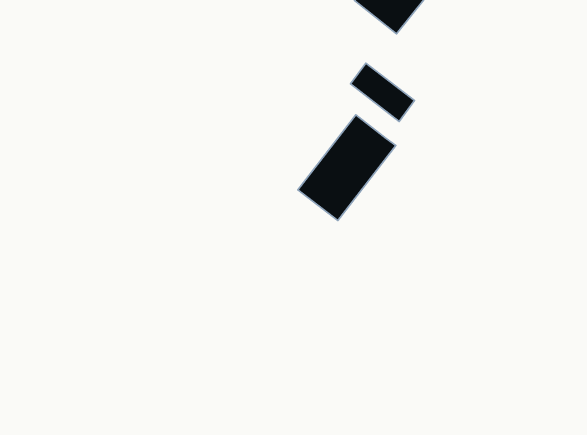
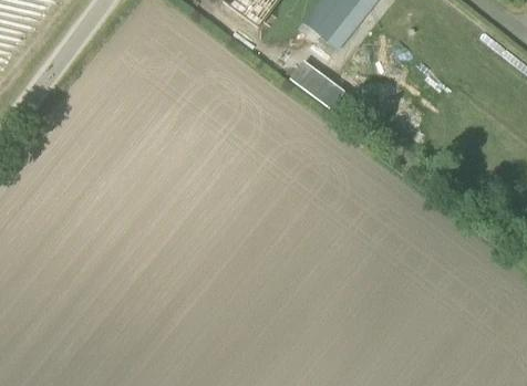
building: [298,115,396,221] -> none

